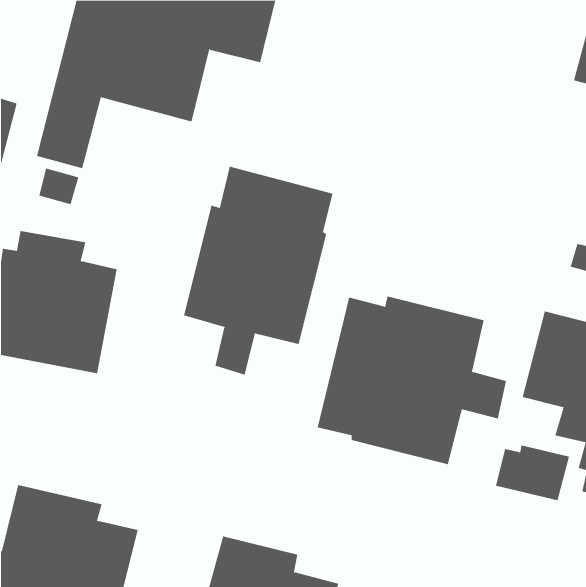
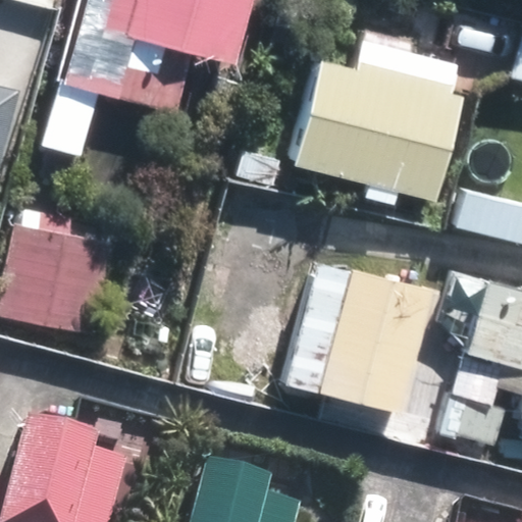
building: none -> [289,57,460,200]
building: [183,166,333,375] -> none

